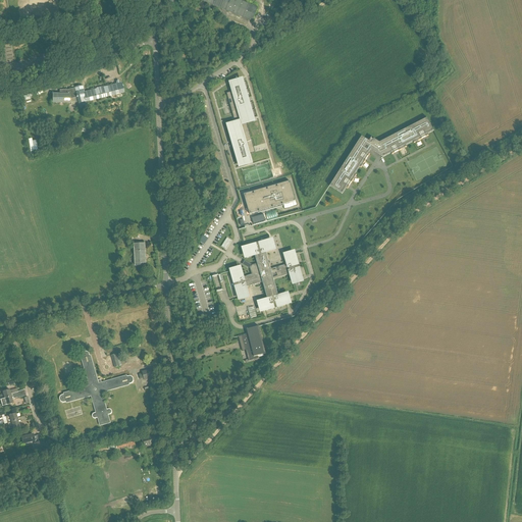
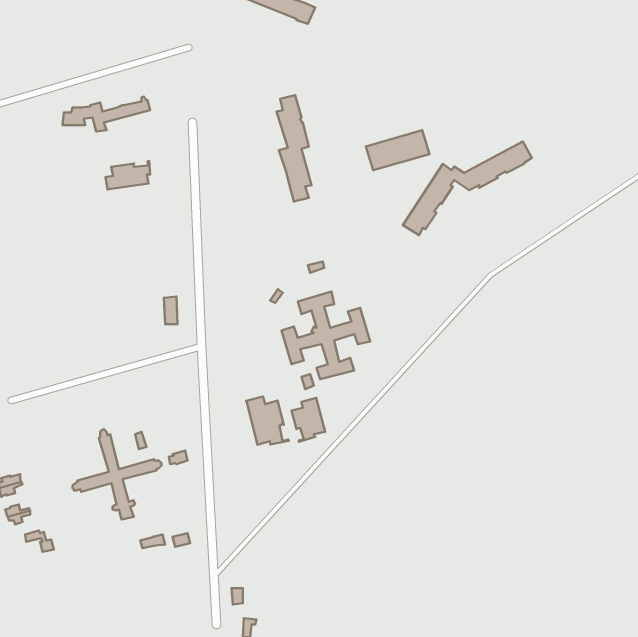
building: none -> [106,161,150,189]
building: [243,179,295,212] -> [366,130,430,170]
building: none -> [246,396,289,445]

